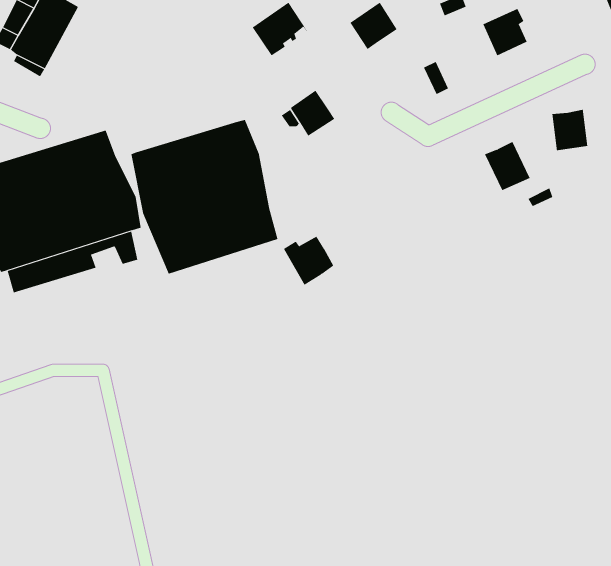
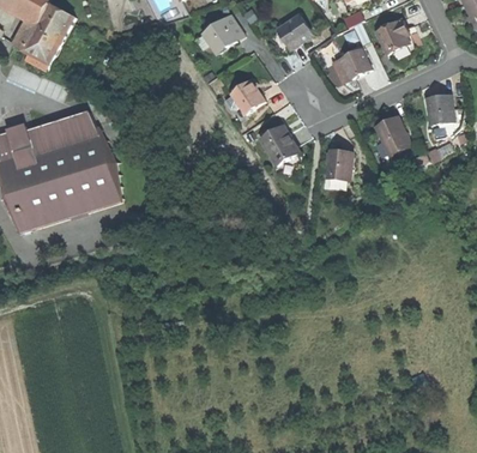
building: none -> [340,48,370,78]
building: [131,119,278,275] -> none
building: none -> [327,150,352,180]
building: [283,236,335,286] -> [261,128,300,165]

